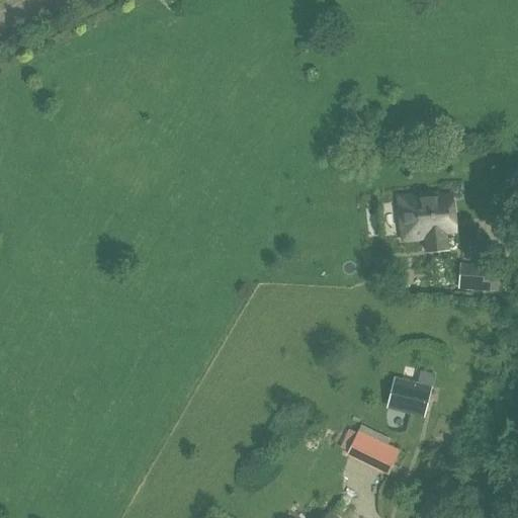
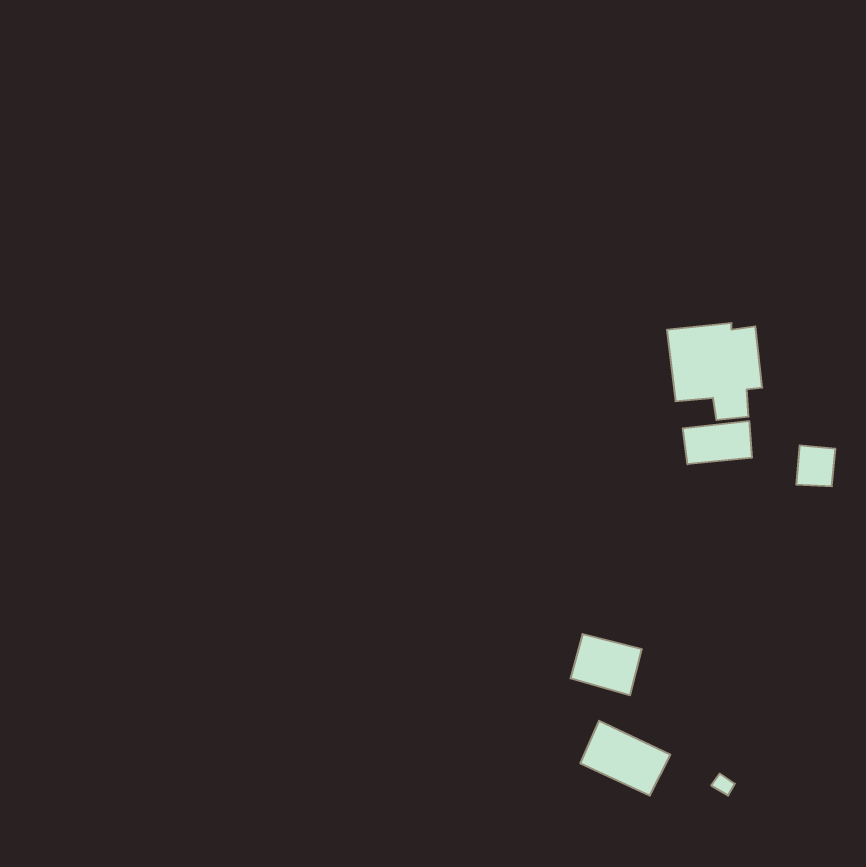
building: none -> [683,421,752,464]
building: [386,378,429,415] -> [570,634,642,695]

